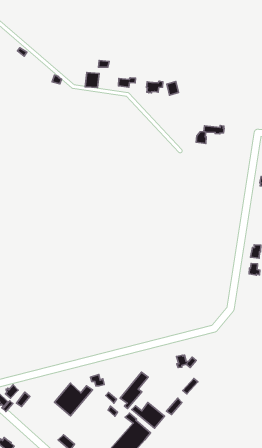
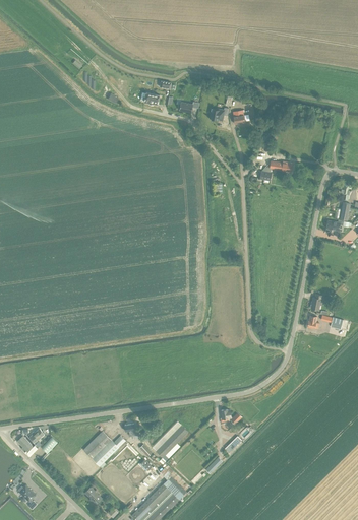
building: [132,402,164,428] -> none

